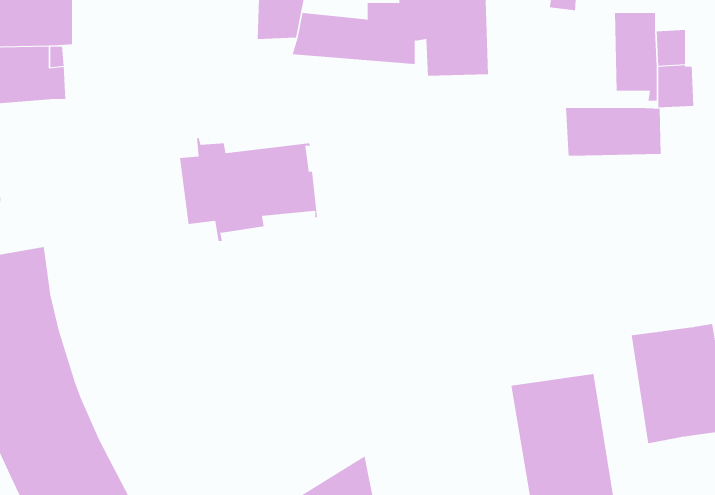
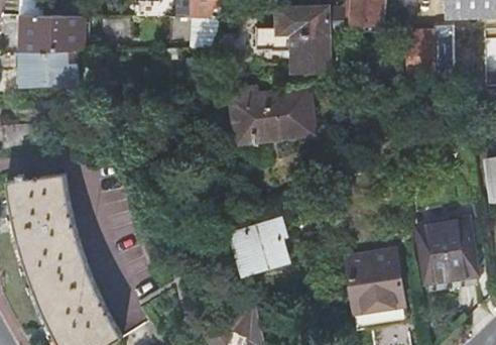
building: [566,107,661,156] -> none
building: [179,138,318,241] -> [232,84,316,146]
building: none -> [232,217,289,273]

